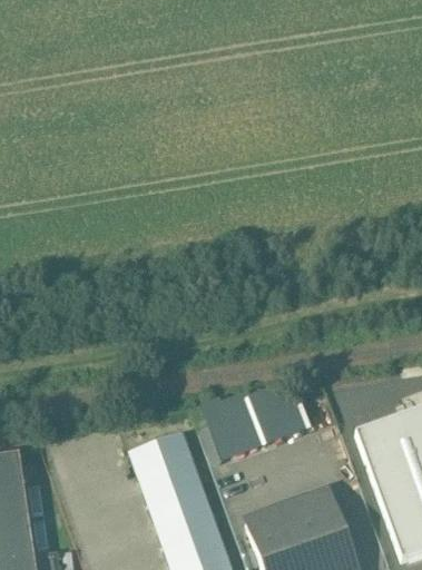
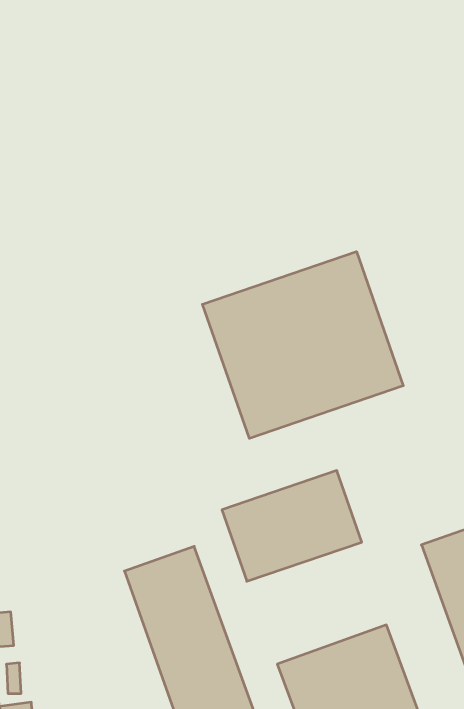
building: none -> [202,252,403,438]

